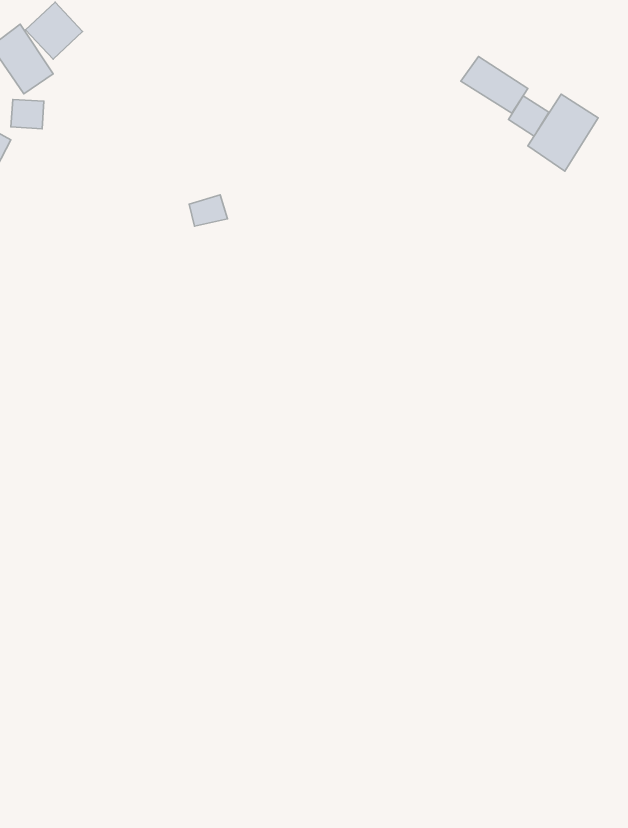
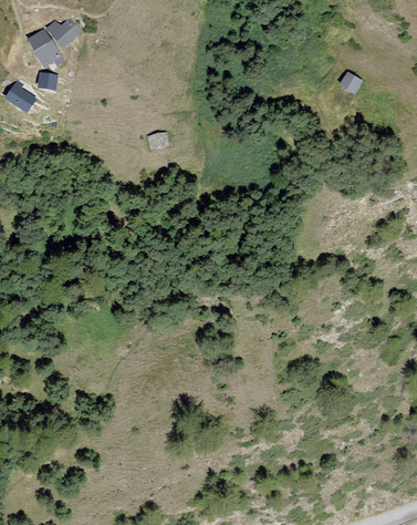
building: [461,56,528,113] -> none
building: [528,94,598,171] -> none

